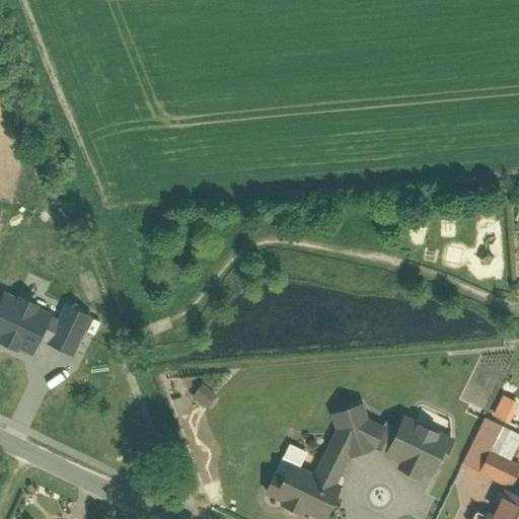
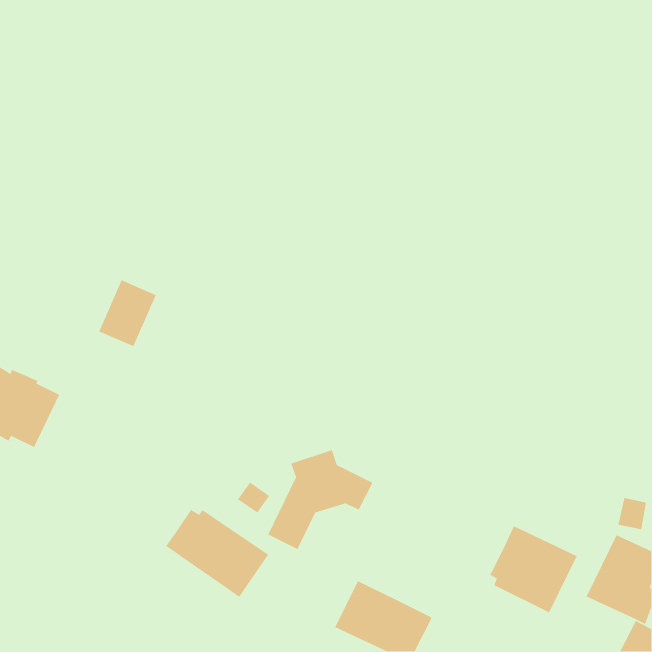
building: [40,300,86,354] -> [98,279,157,347]
building: none -> [165,509,269,598]
building: [314,406,398,487] -> [267,449,373,550]

